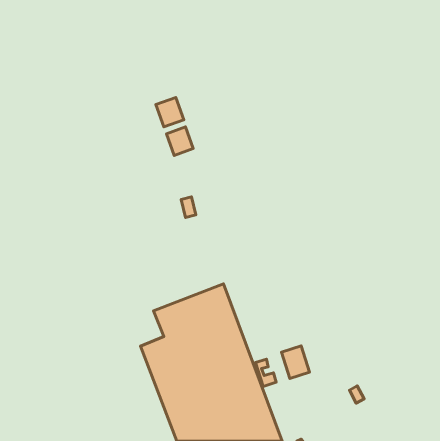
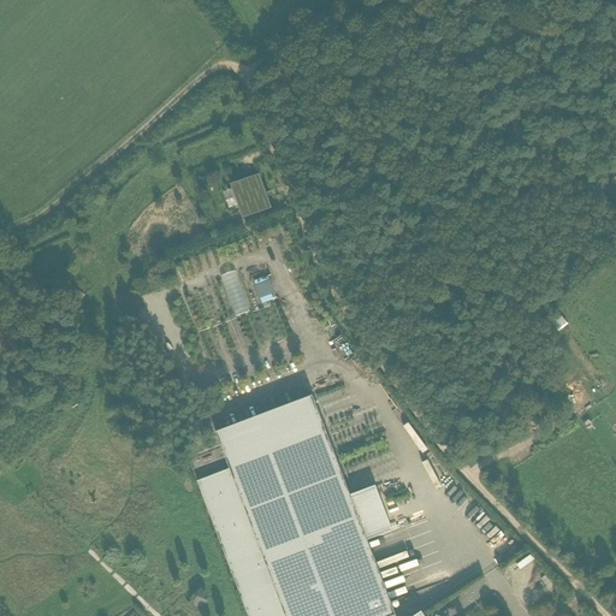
building: [156,97,184,127] -> none
building: [281,346,310,379] -> none

